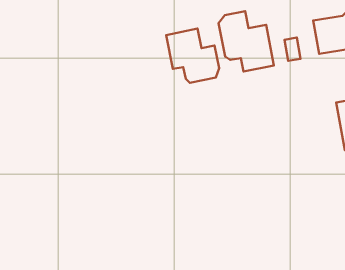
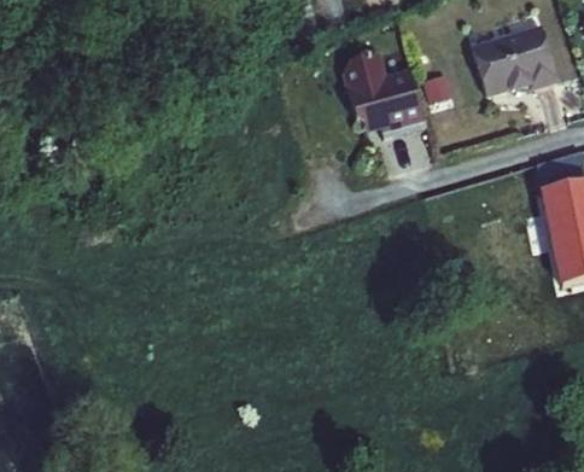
building: [166,28,219,83] -> none

